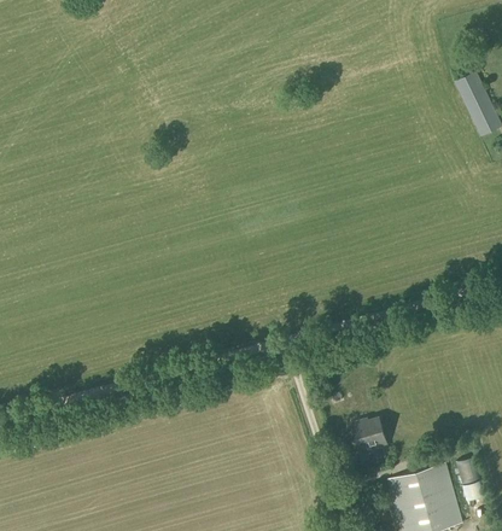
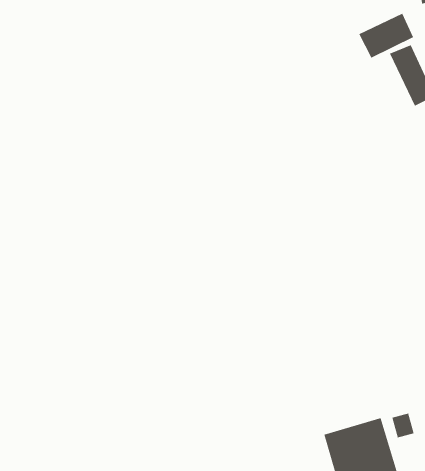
building: none -> [358,13,414,59]
building: [352,418,386,448] -> none

